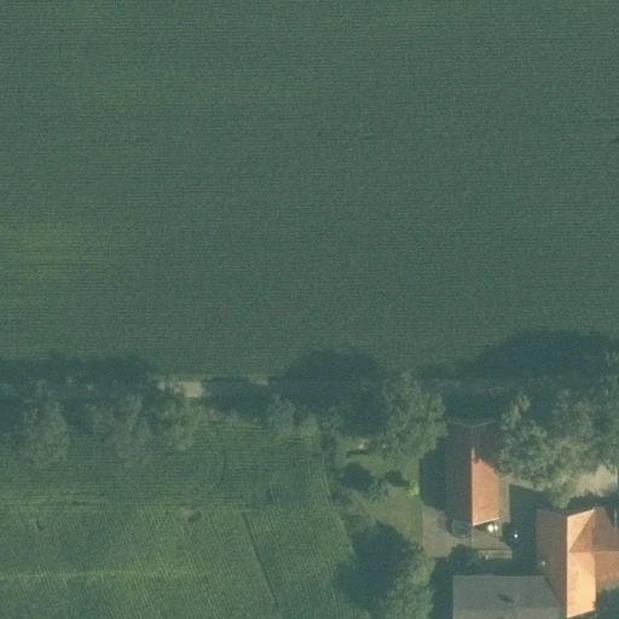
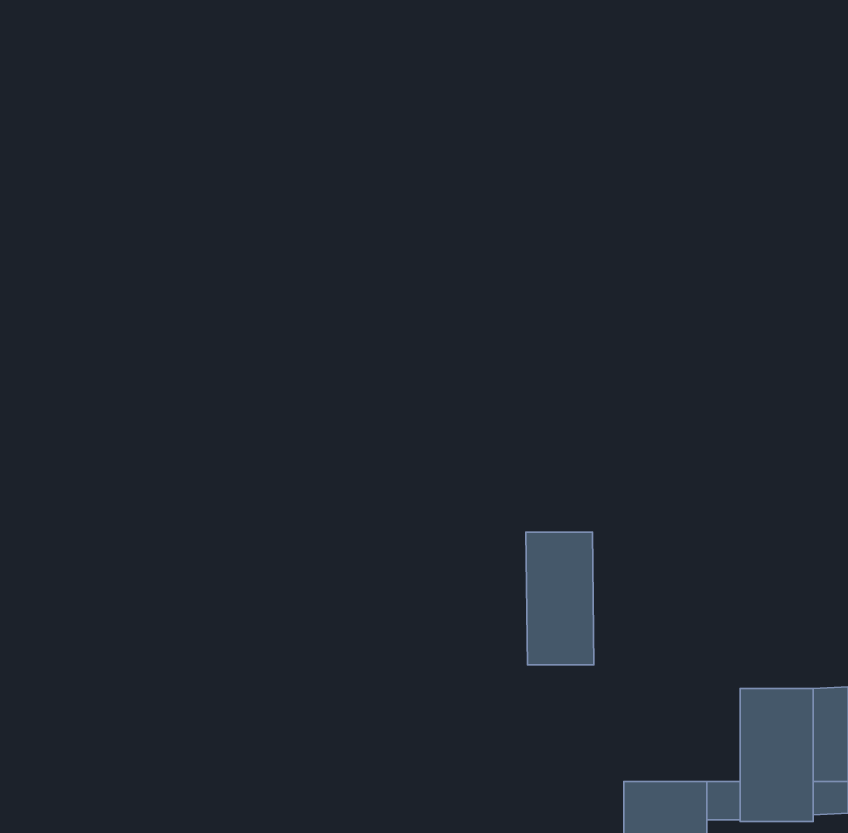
building: [446,423,496,520] -> [526,532,594,665]

